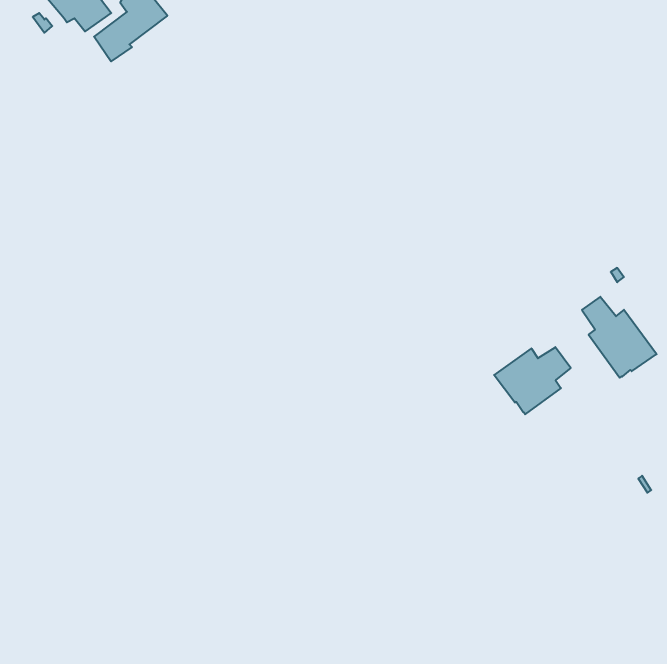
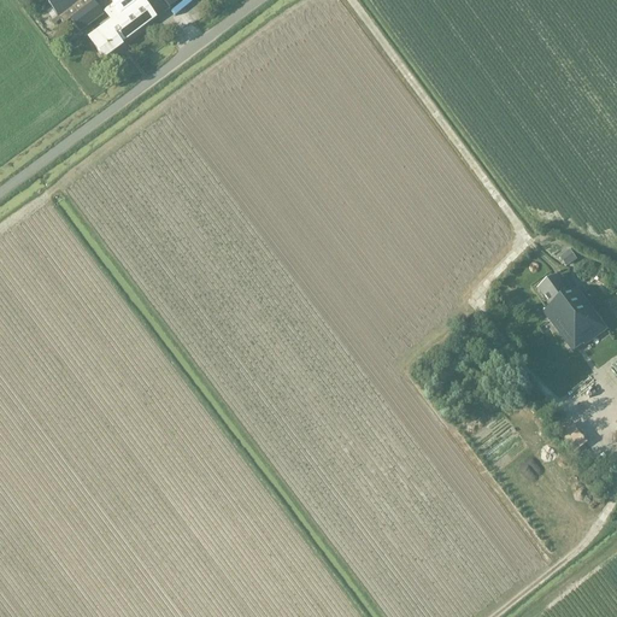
building: [494,347,571,414] -> none

